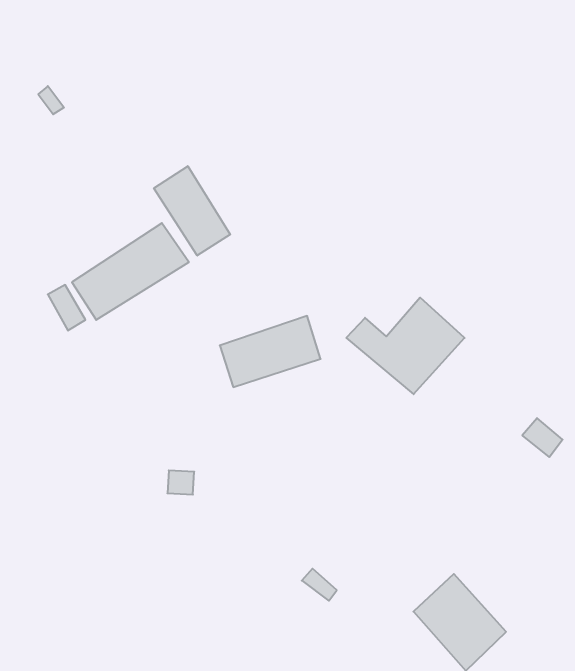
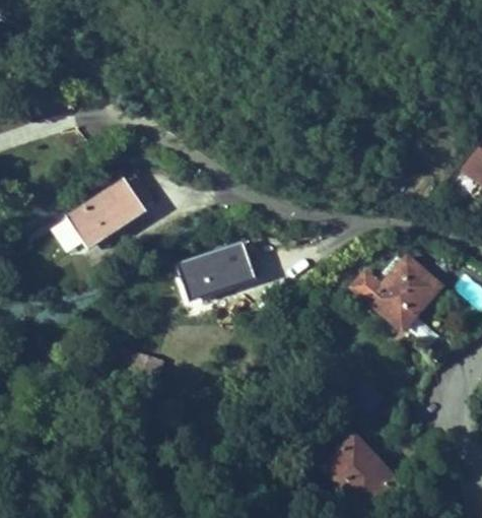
building: [154,166,230,256] -> none
building: [346,298,465,394] -> [352,256,441,329]

